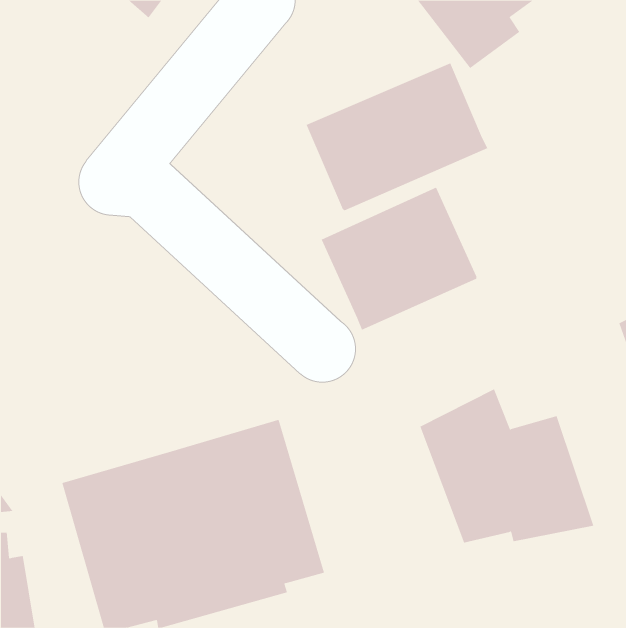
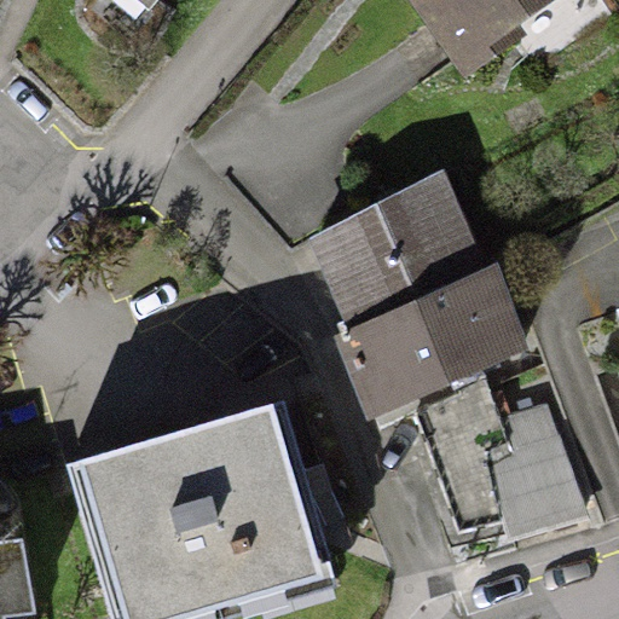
building: [306,62,488,211] -> none
building: none -> [342,261,530,413]

